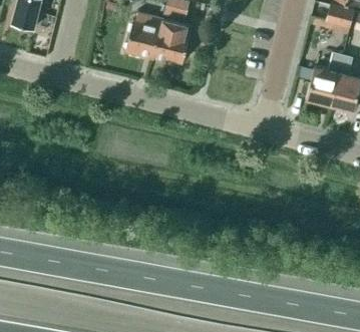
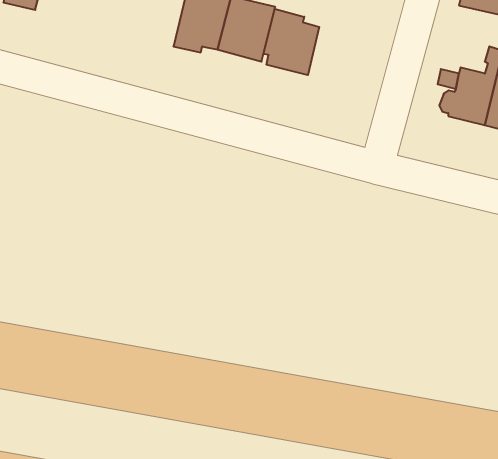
building: none -> [263,9,319,75]

